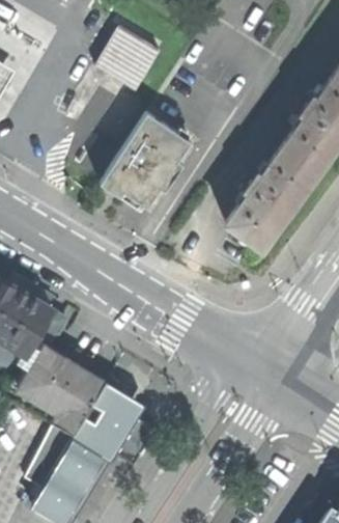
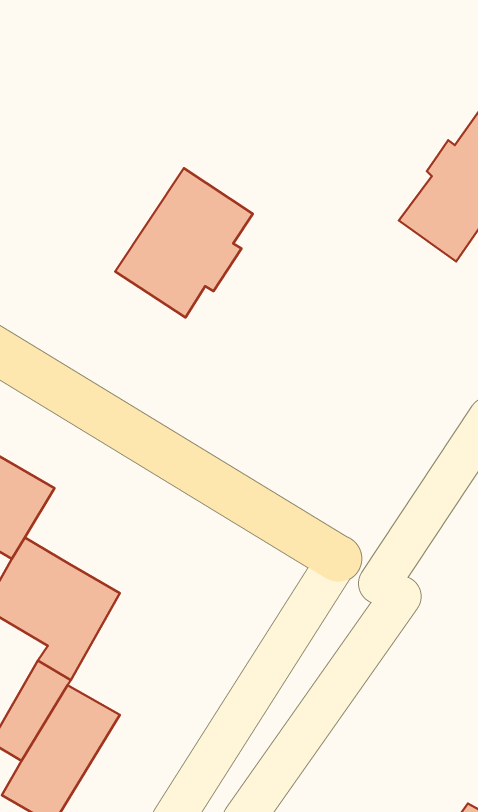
building: [95,28,161,92] -> none
building: [226,147,318,251] -> none
building: [73,383,143,463] -> none

